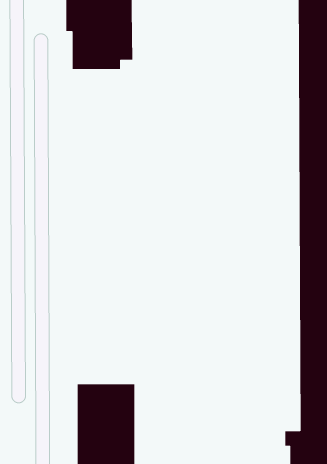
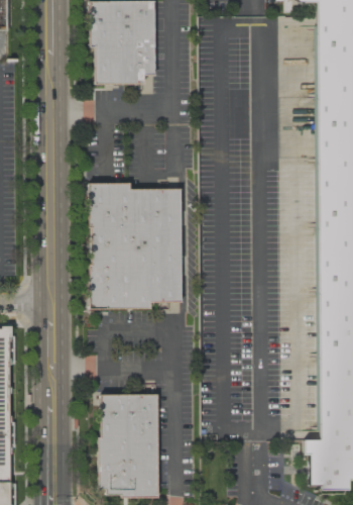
building: none -> [89,182,182,308]

